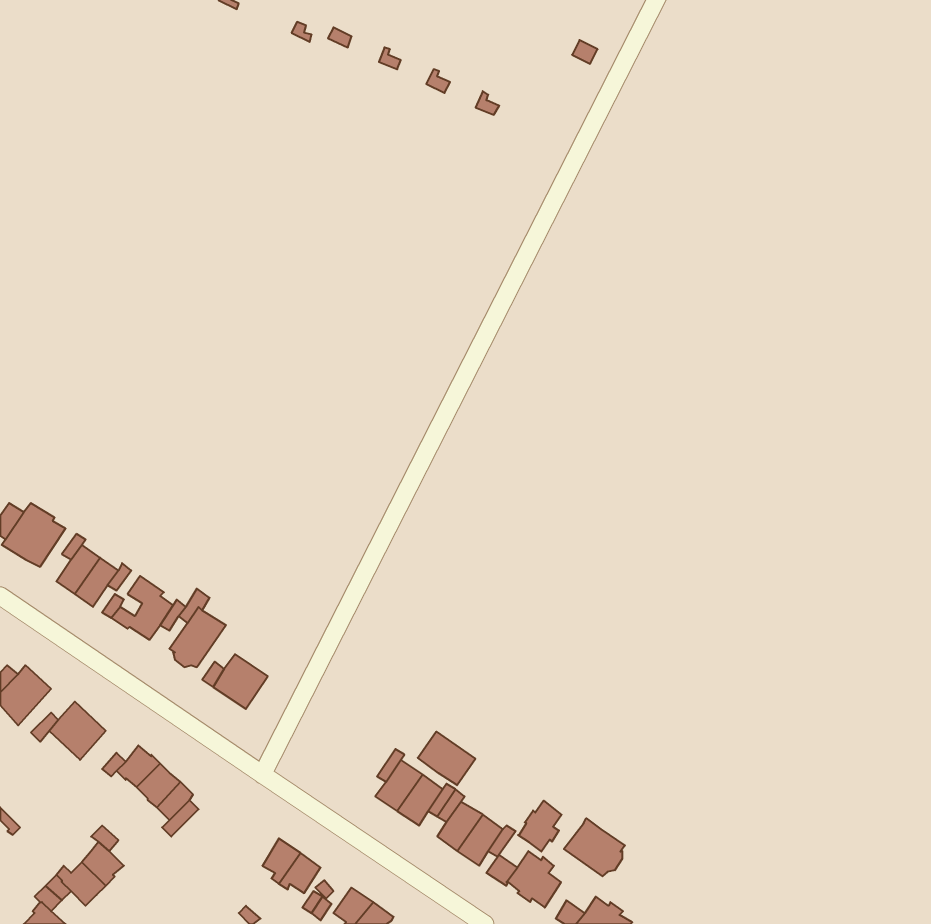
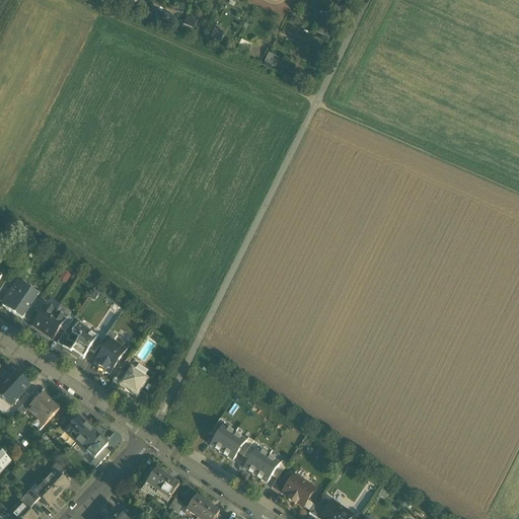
building: [418,732,475,785] -> none
building: [518,801,562,852] -> none
building: [564,818,625,876] -> none

